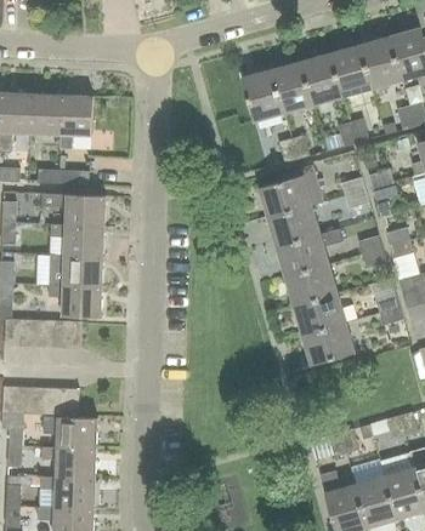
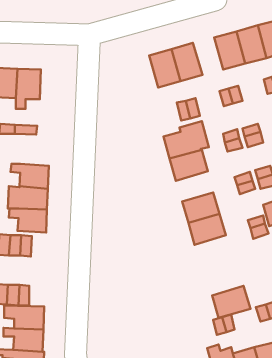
building: [300,52,341,103] -> none
building: [42,193,104,227] -> none
building: [277,229,341,275] -> none
building: [302,321,355,365] -> [212,286,250,318]

